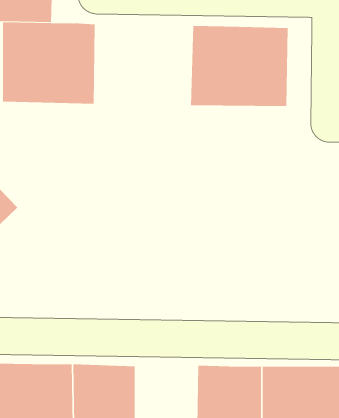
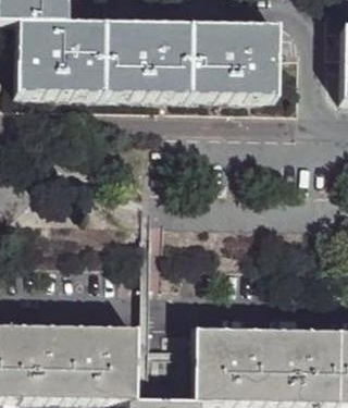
building: none -> [103,24,191,97]

